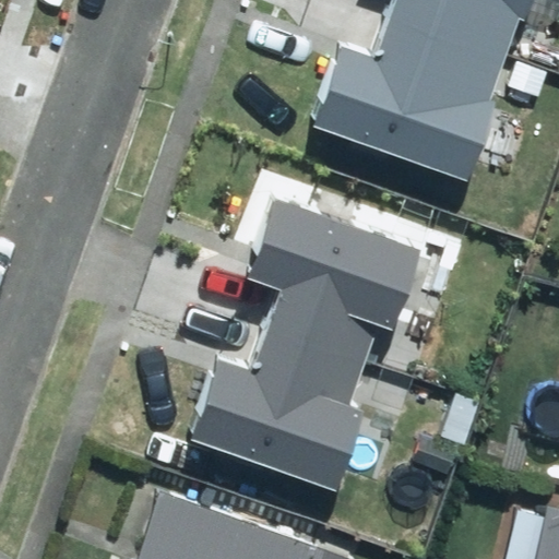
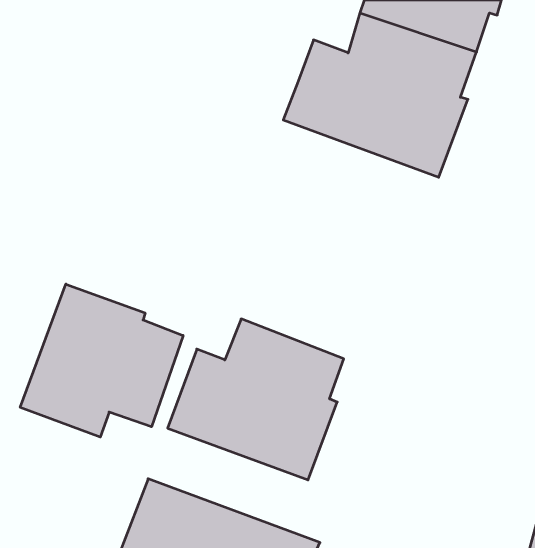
building: [242,198,417,367] -> none
building: none -> [20,284,183,437]

